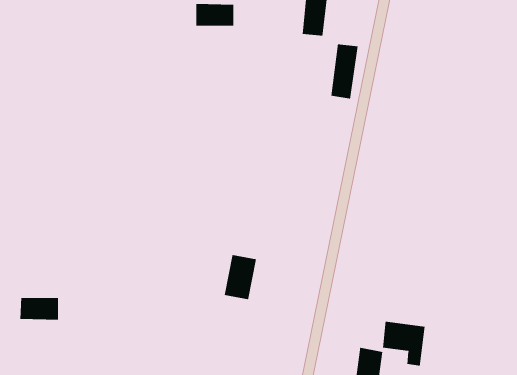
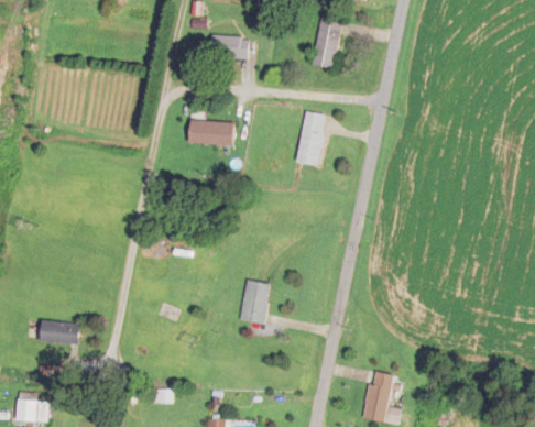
building: [330,44,359,99] -> [297,111,325,165]
building: none -> [189,121,233,144]
building: [382,321,425,366] -> none

